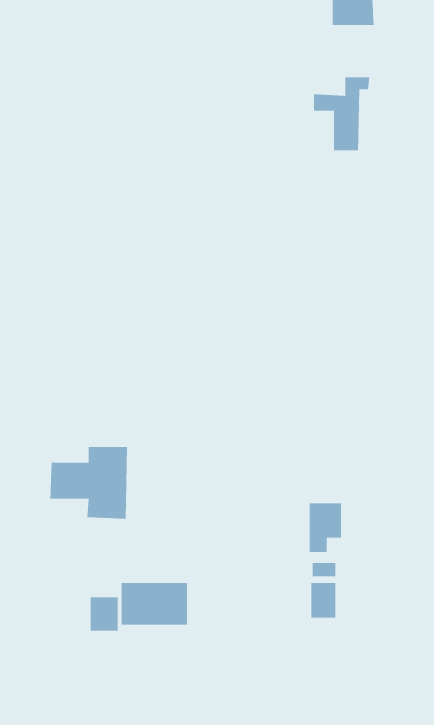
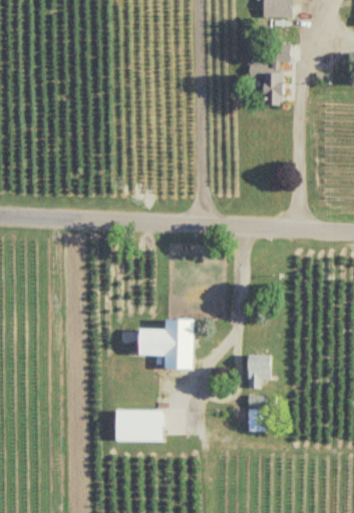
building: [49,446,128,519] -> [137,318,193,369]
building: [90,597,118,631] -> none

